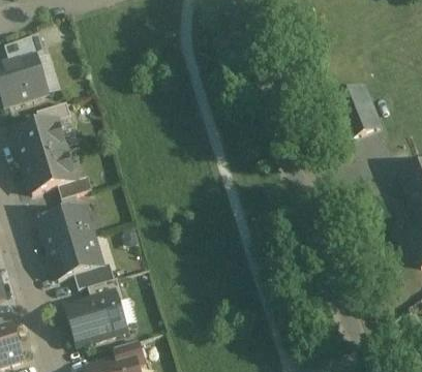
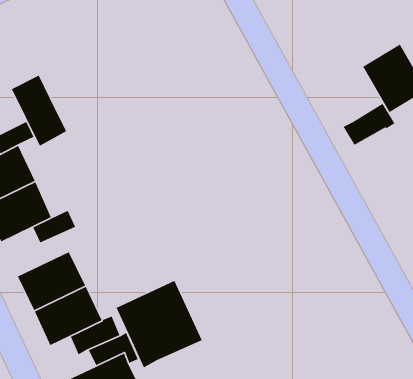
building: none -> [11,75,67,147]
building: none -> [342,103,396,146]
building: none -> [115,280,203,368]

